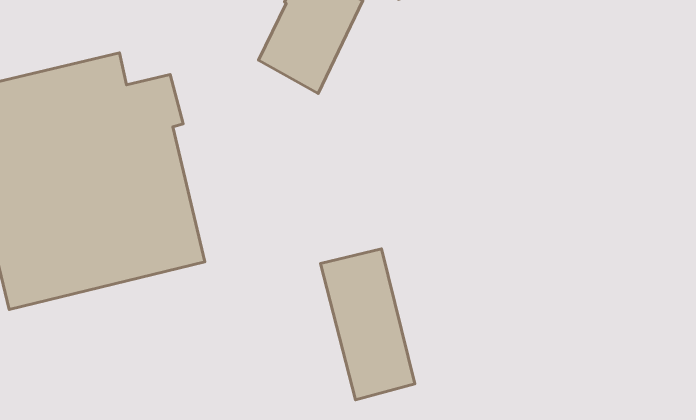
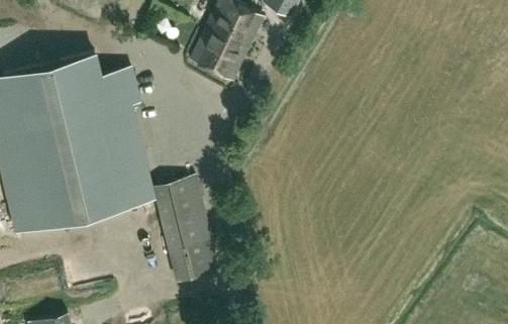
building: [321,249,415,400] -> [153,178,218,283]

